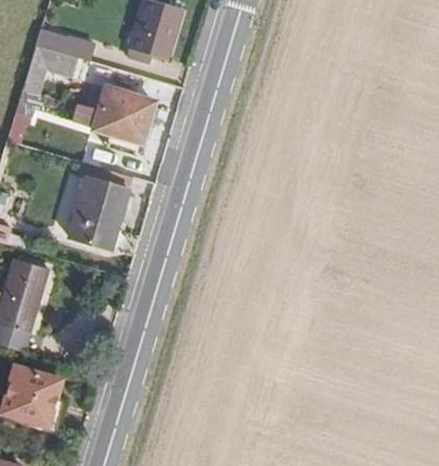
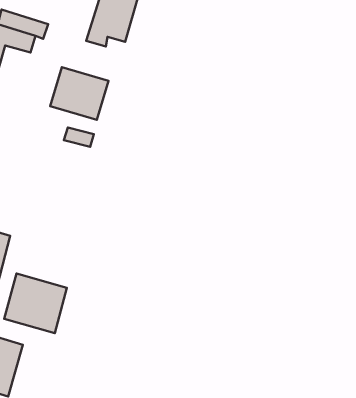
building: [68,173,127,245] -> none
building: none -> [4,274,67,333]

